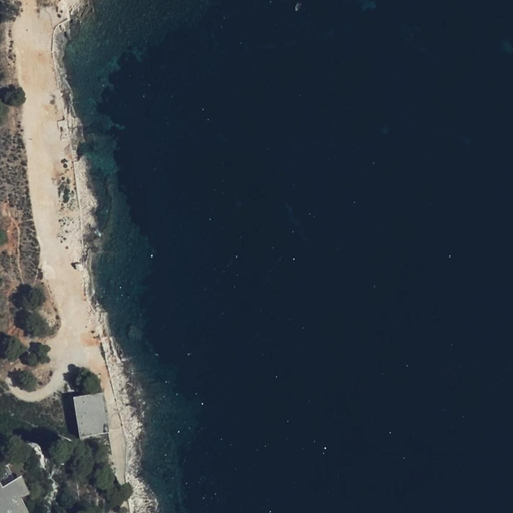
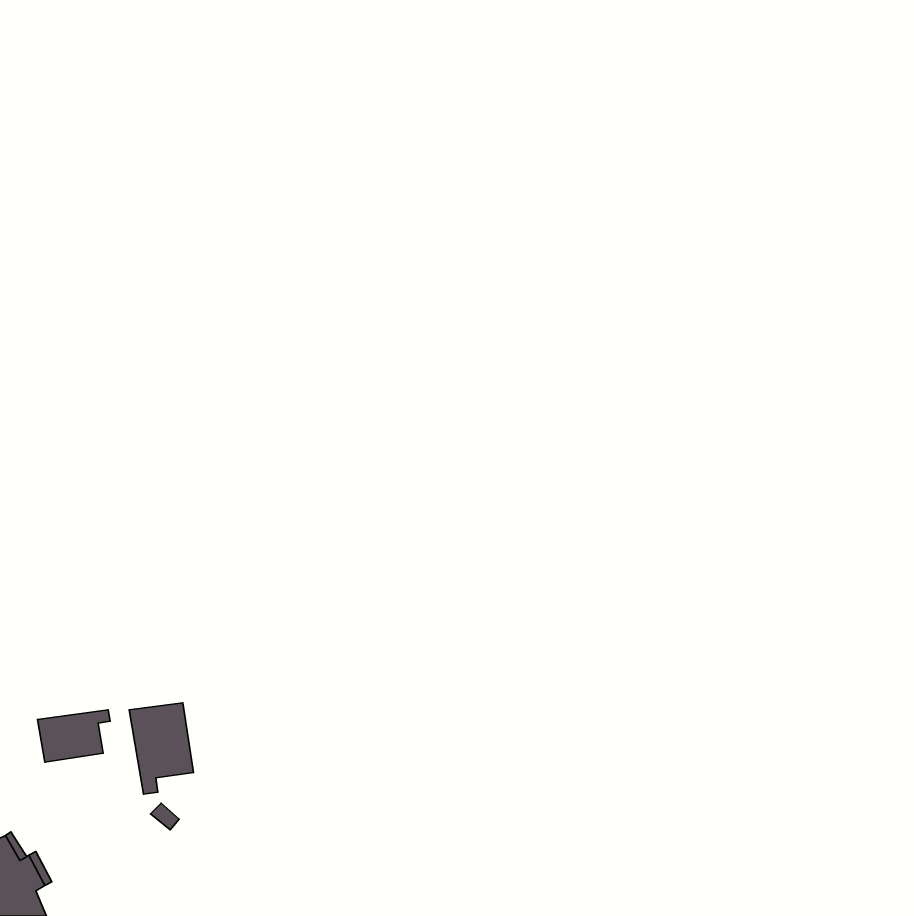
building: none -> [37,710,110,762]

